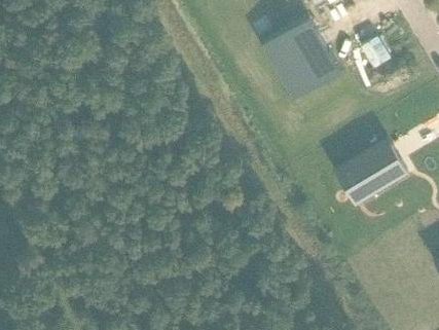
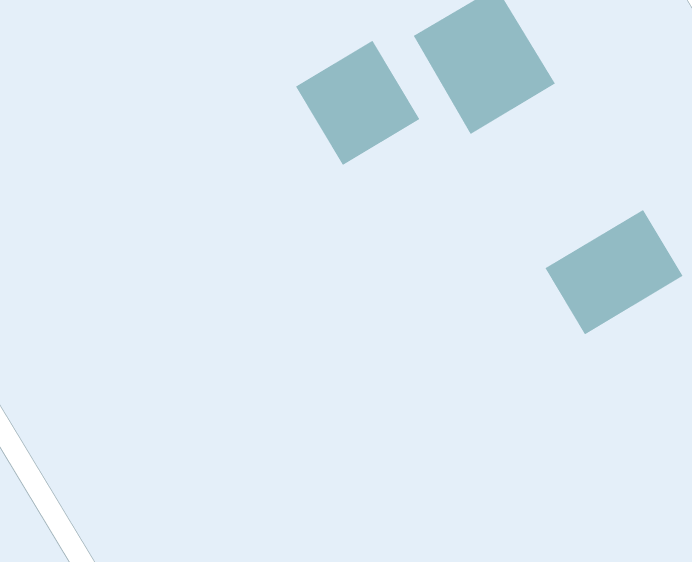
building: none -> [295,40,420,166]

